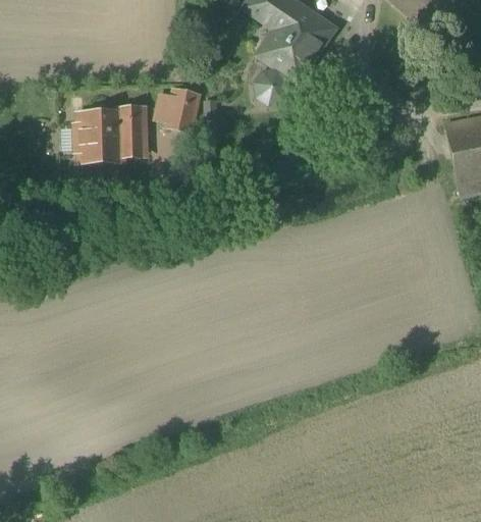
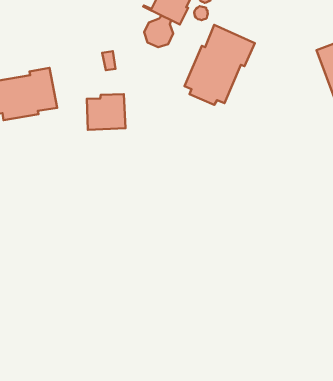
building: none -> [184,25,255,105]
building: [152,87,199,128] -> [87,94,125,130]

